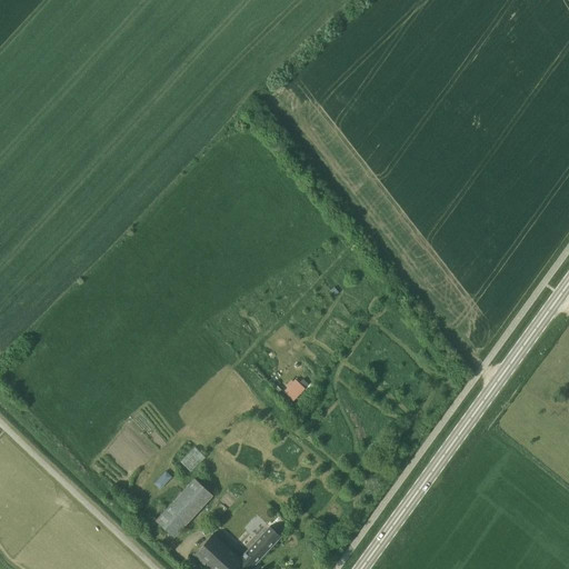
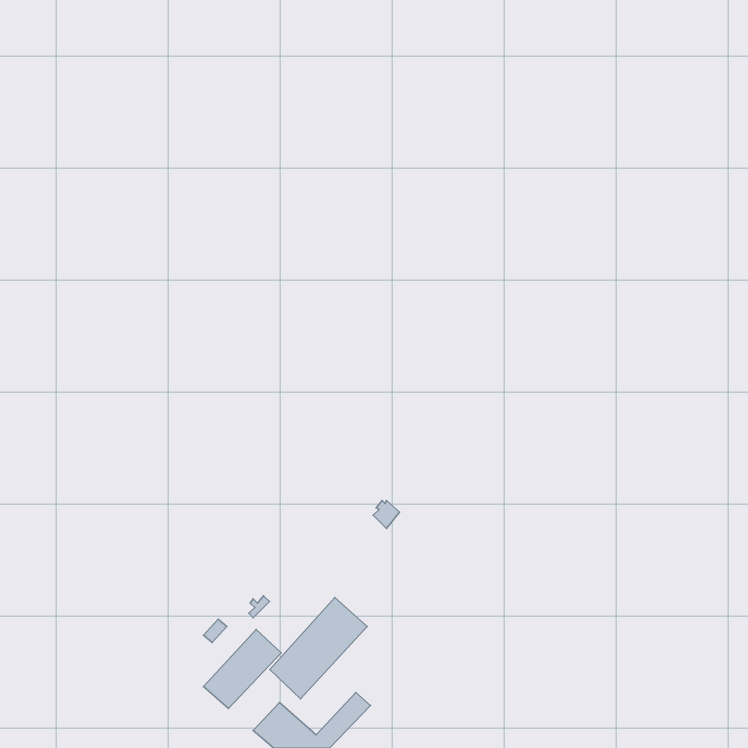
building: none -> [270,597,367,699]

